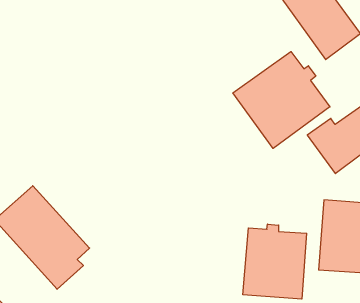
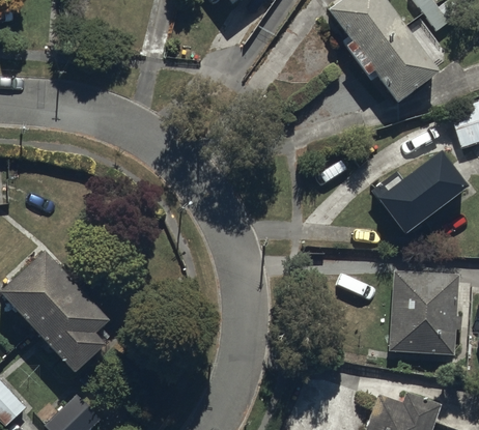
building: [233,52,330,148] -> none
building: [243,224,307,299] -> none

